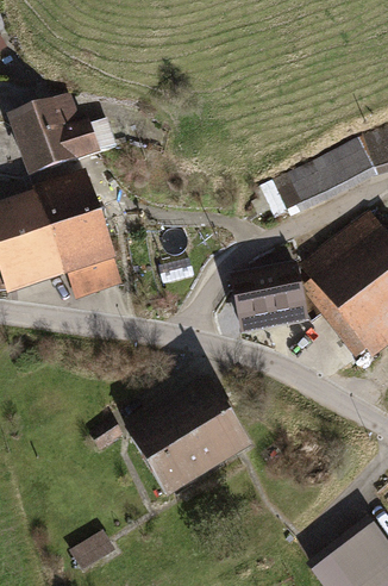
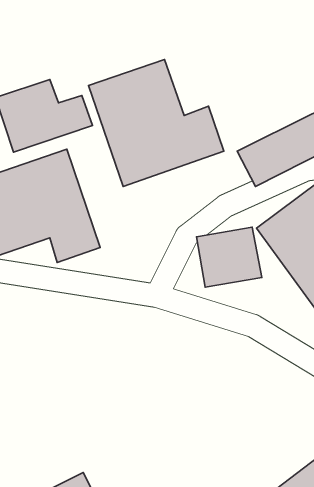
building: none -> [88,59,224,187]
building: [123,378,250,499] -> none

